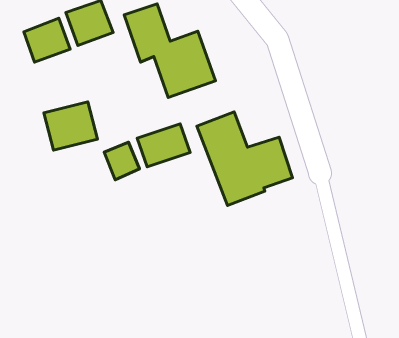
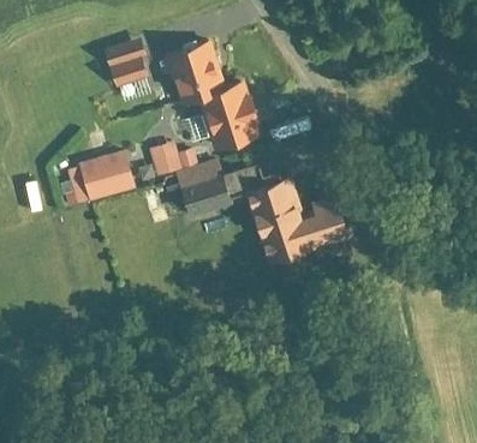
building: [24,18,70,62] -> none
building: [104,142,139,180] -> [148,139,186,180]

